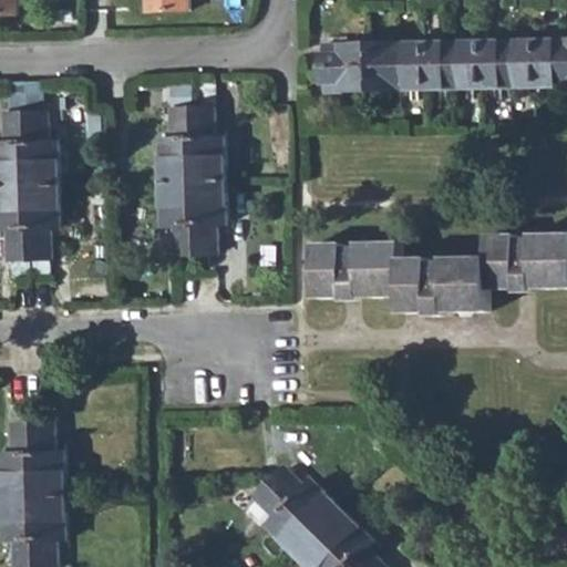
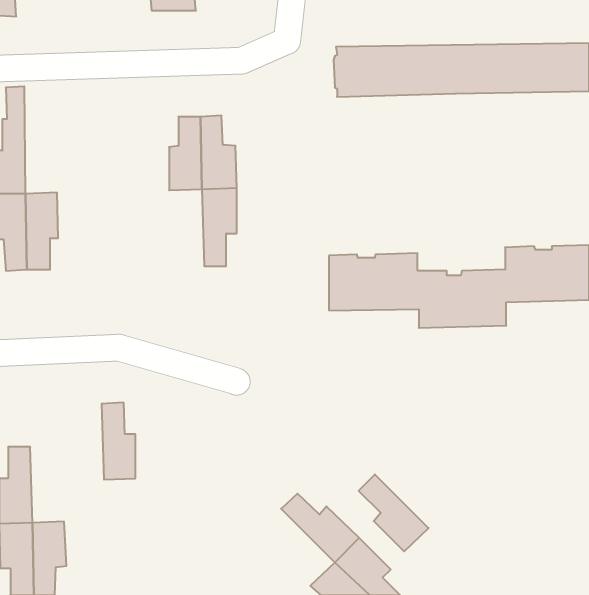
building: [23,81,54,184] -> none
building: [161,179,194,252] -> none
building: [29,423,61,496] -> [102,403,135,480]
building: [251,483,318,556] -> [359,474,429,551]

